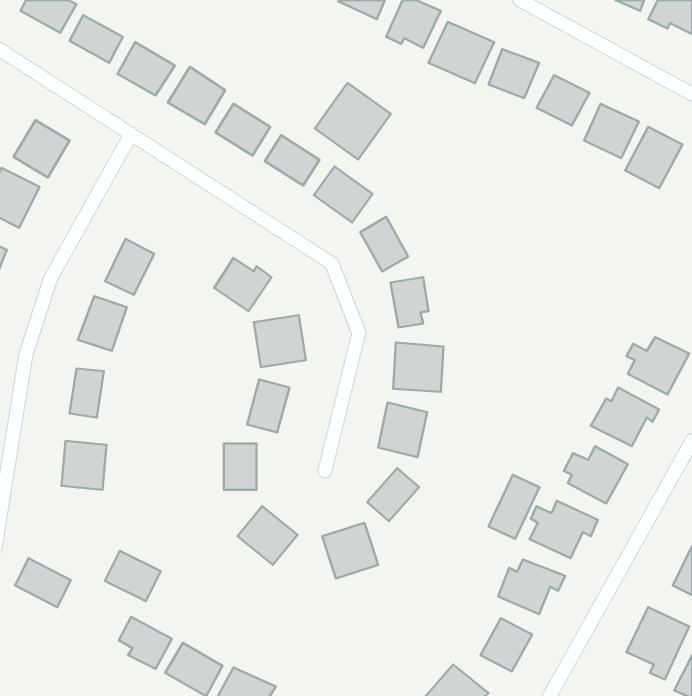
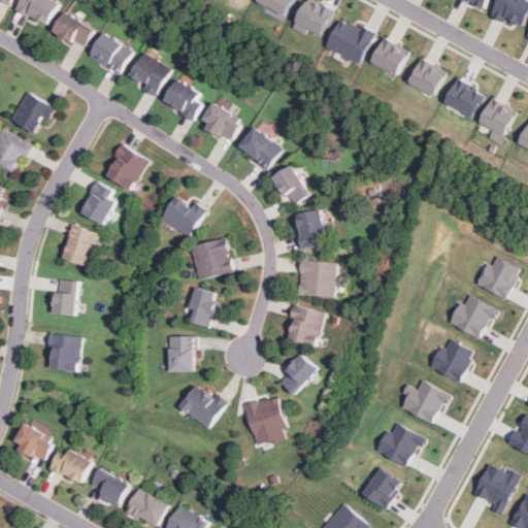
building: [315,83,391,159] -> none
building: none -> [103,144,147,191]
building: [489,475,539,539] -> none
building: [105,551,161,601] -> [50,446,92,484]

